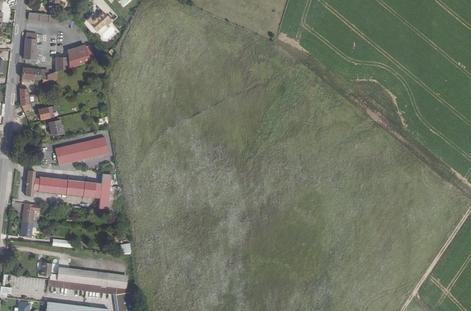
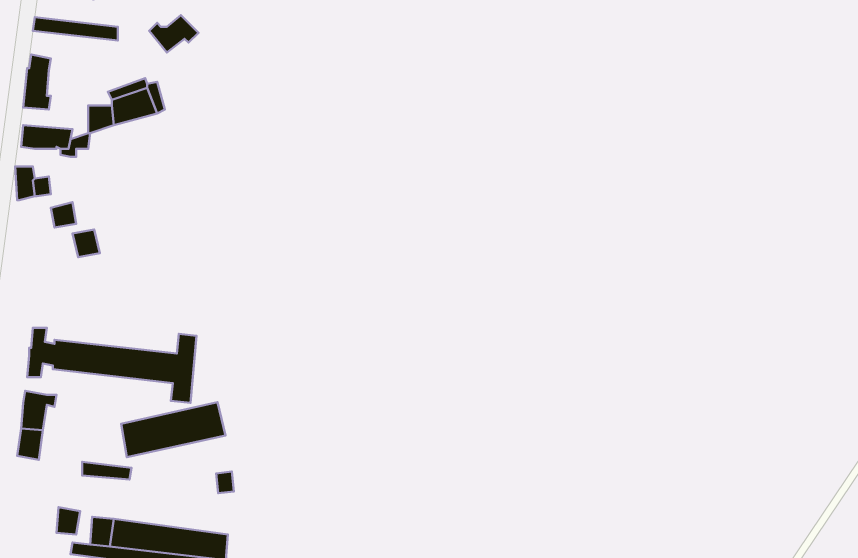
building: [55,136,108,164] -> [121,402,225,457]

